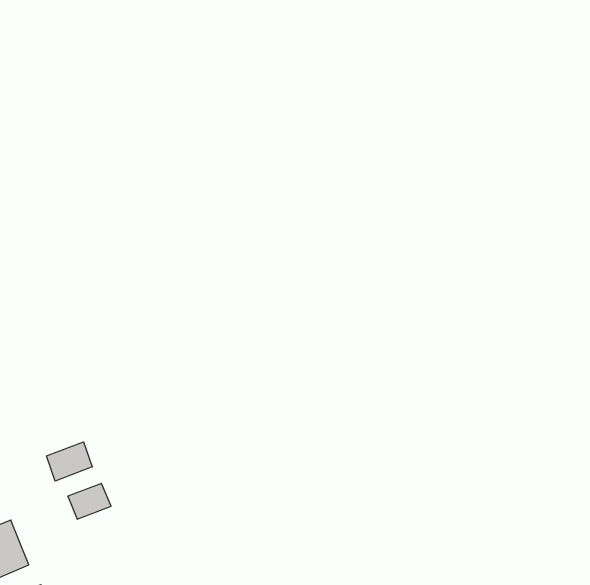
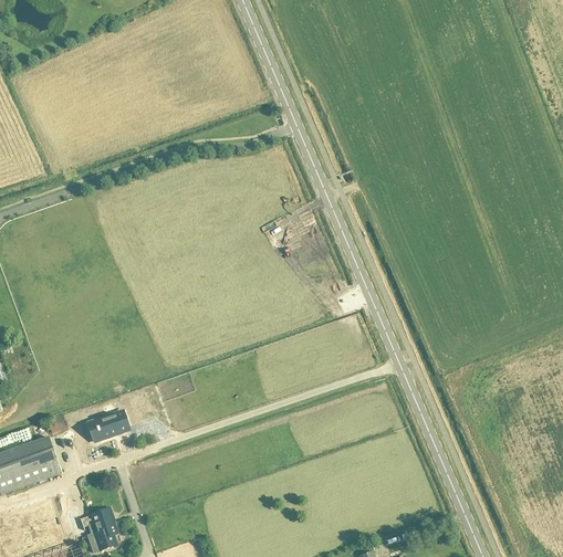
building: [47,442,92,481] -> none

